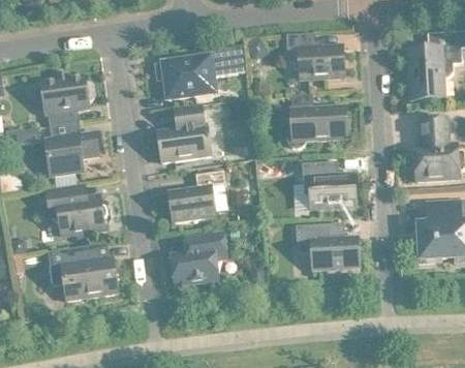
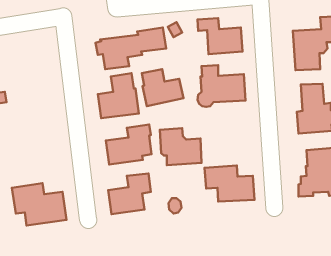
building: [40,74,93,125] -> none
building: none -> [142,69,183,106]
building: [44,131,97,175] -> none
building: [301,160,354,208] -> [160,128,201,165]
building: [44,183,105,236] -> none

